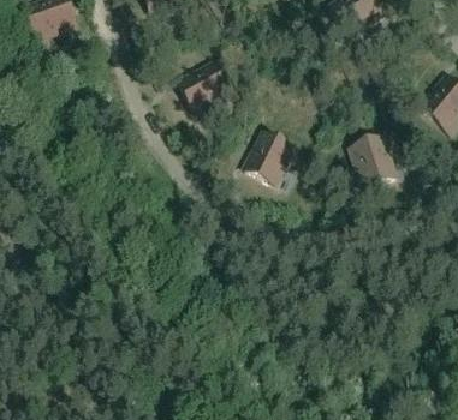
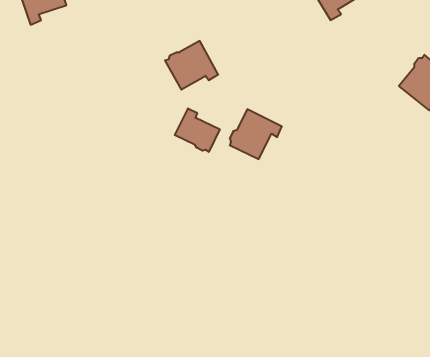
building: none -> [175,108,220,152]
building: [352,133,397,185] -> none

